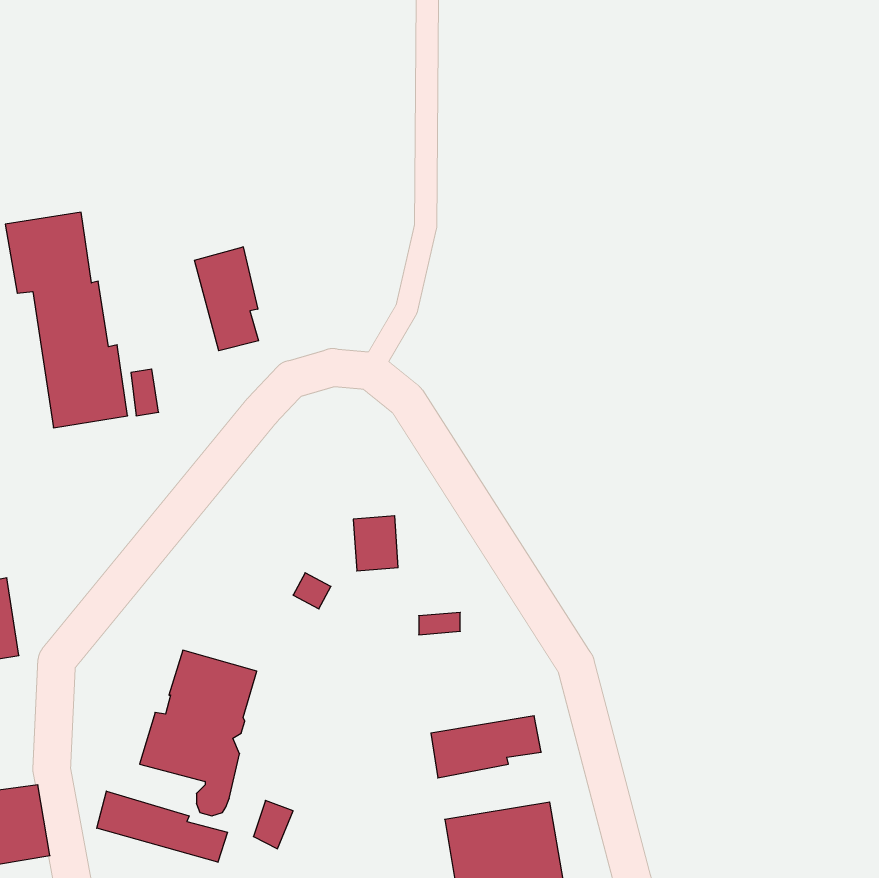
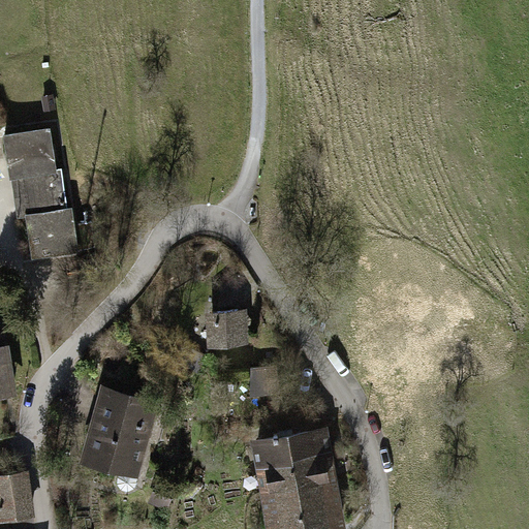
building: [194,247,259,351] -> none
building: none -> [262,453,330,493]
building: [97,791,227,862] -> none

